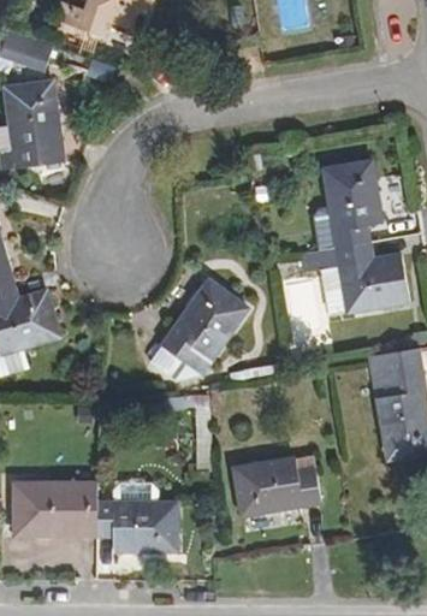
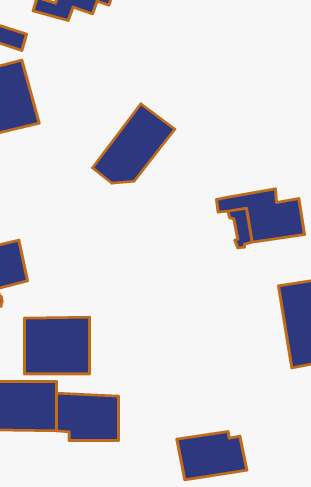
building: [304,162,381,249] -> none
building: [149,271,251,369] -> [93,104,175,183]
building: none -> [24,317,89,374]
building: [238,458,325,519] -> [177,431,247,480]

